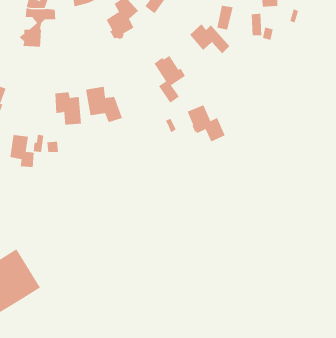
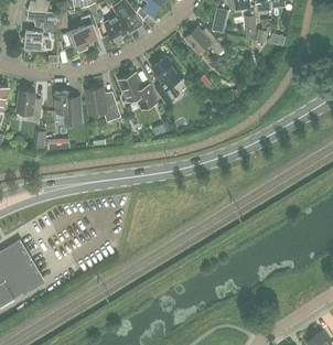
building: none -> [61,15,96,53]
building: [187,105,226,142] -> [118,74,155,110]
building: [9,134,35,168] -> [15,90,40,122]

